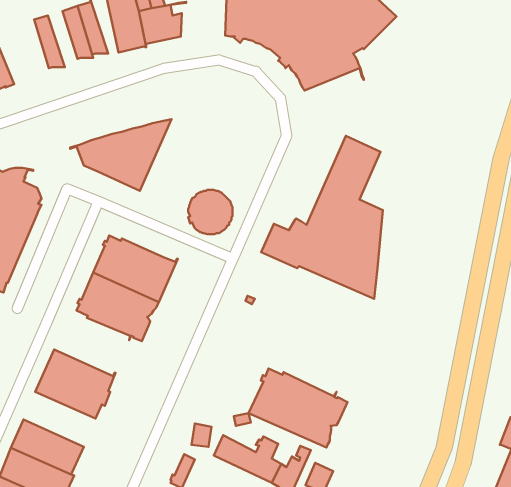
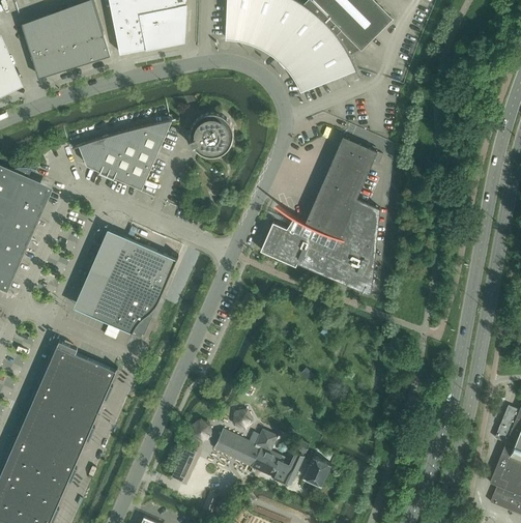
building: none -> [51,13,81,65]
building: none -> [21,22,53,74]
building: [188,190,232,234] -> [190,113,233,156]
building: [249,369,347,448] -> none
building: none -> [27,386,97,441]

